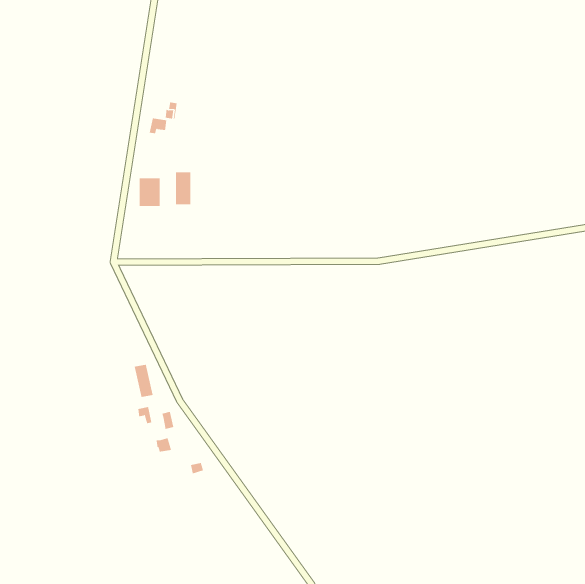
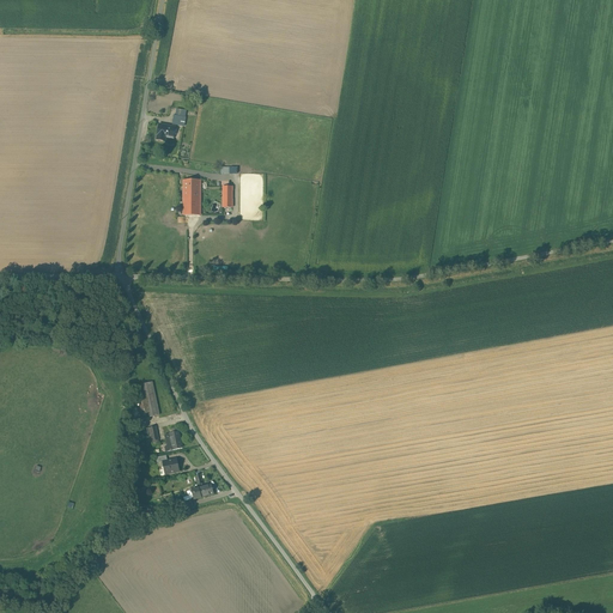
building: [139,177,160,207] -> none

